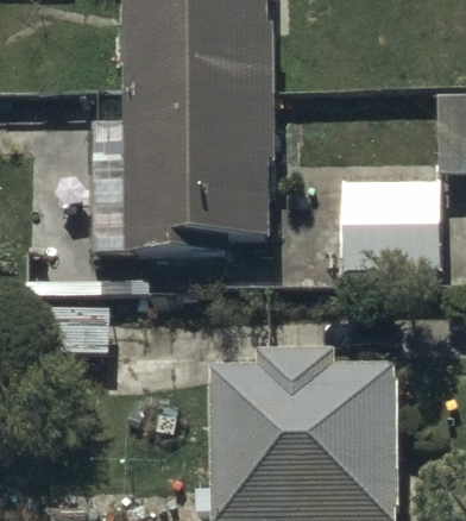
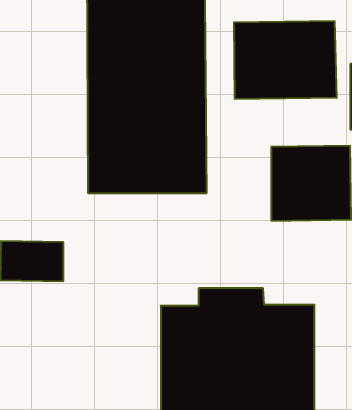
building: none -> [234,21,337,99]

